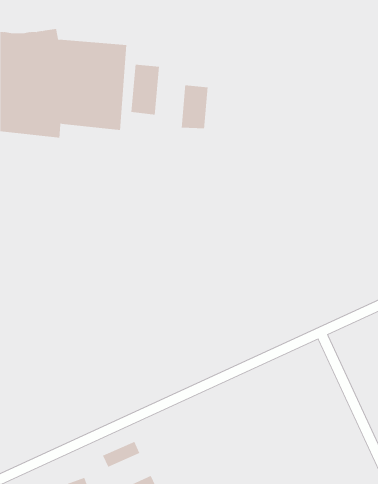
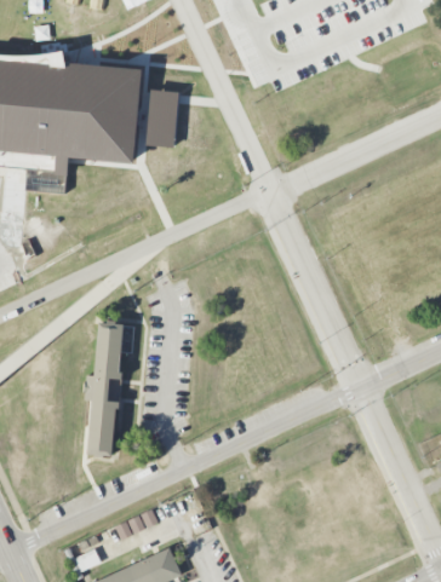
building: [181,85,208,129] -> none
building: none -> [85,321,125,454]

